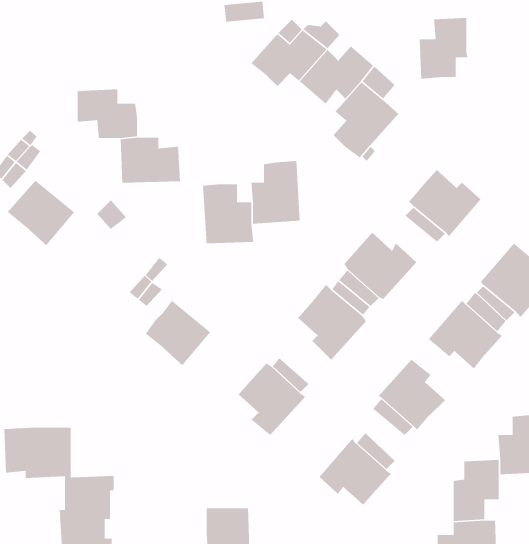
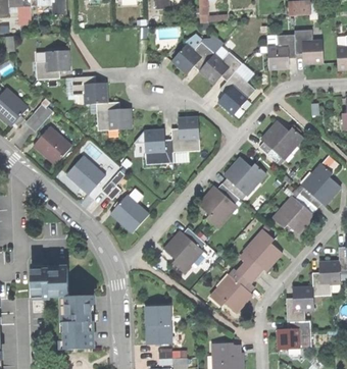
building: none -> [294,29,324,64]
building: none -> [36,49,70,77]
building: none -> [66,155,105,194]

